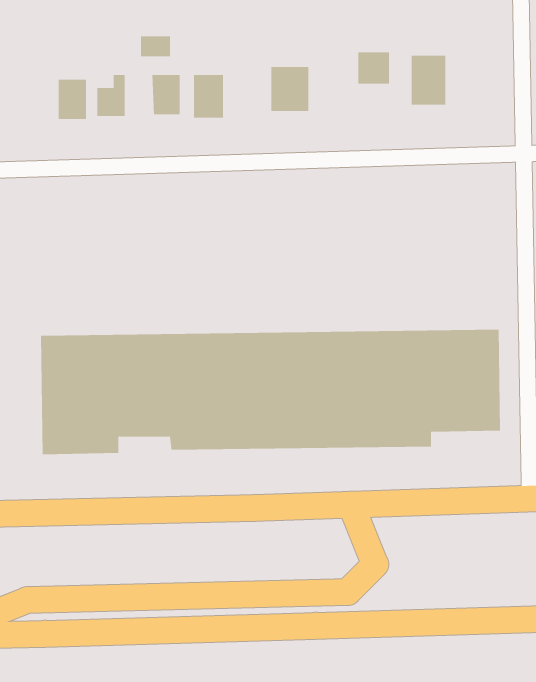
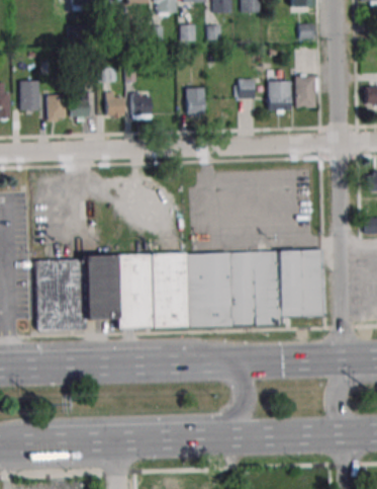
building: none -> [296,75,317,107]
building: none -> [20,80,38,110]

